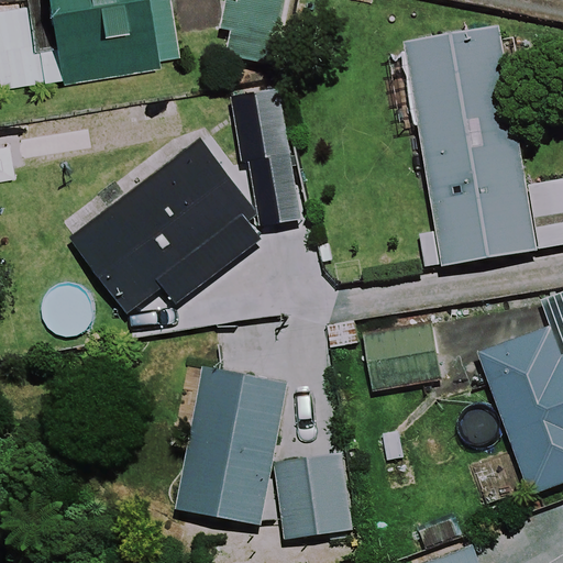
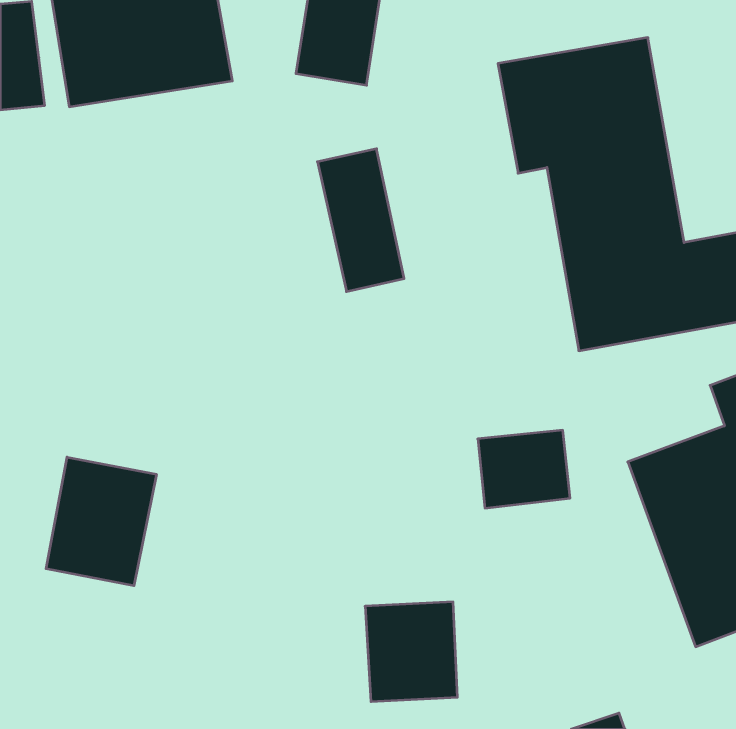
building: [60,130,264,313] -> none
building: none -> [46,457,156,586]
building: [173,363,286,525] -> none

